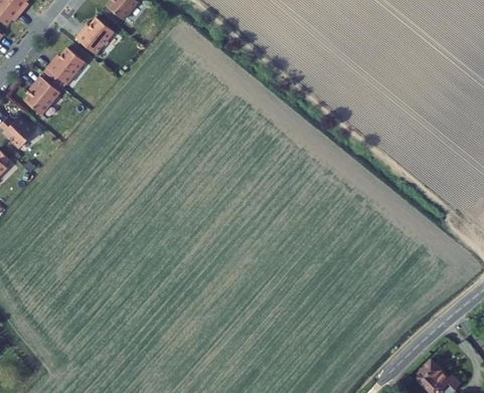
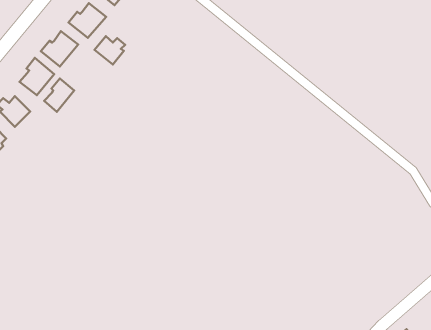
building: none -> [95,36,125,65]
building: none -> [44,78,74,112]

